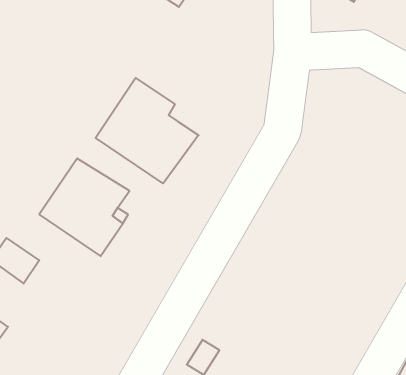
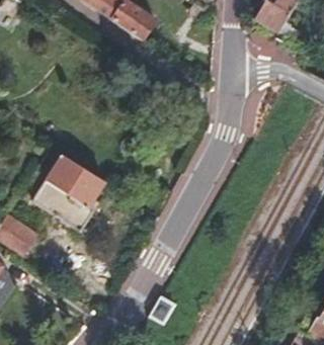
building: [96,78,199,183] -> none

